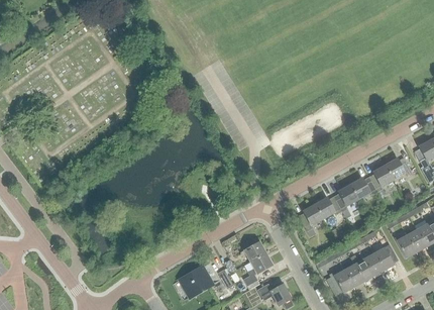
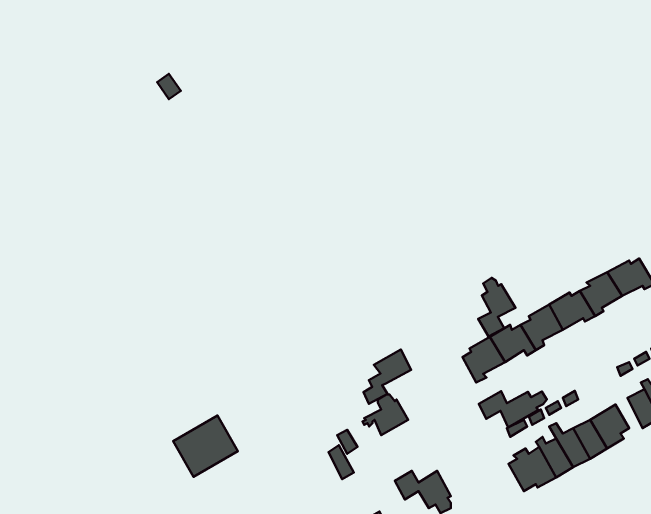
building: none -> [478,278,516,337]
building: none -> [479,391,547,428]
building: [243,253,272,286] -> [364,350,411,404]
building: [177,264,215,300] -> [173,416,238,477]

